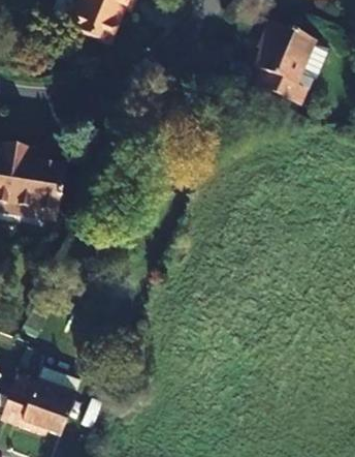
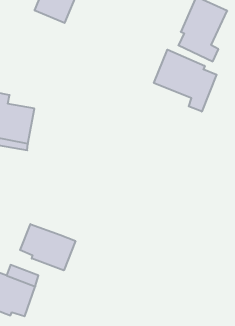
building: none -> [154,50,217,112]
building: none -> [20,224,75,270]

